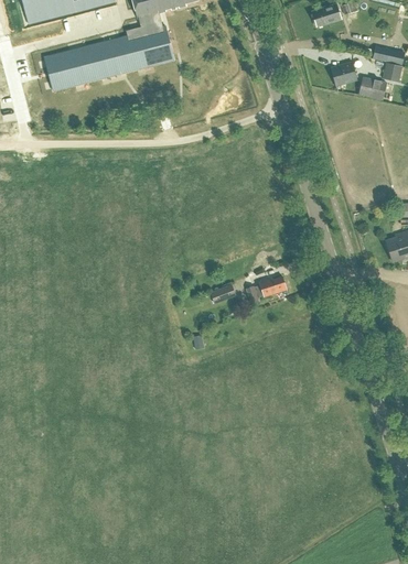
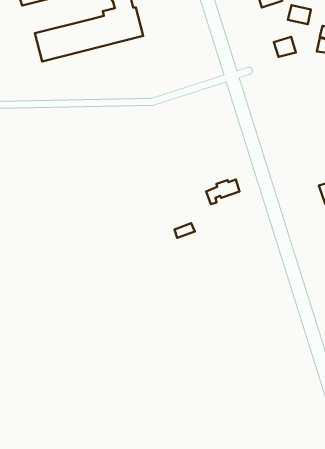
building: [358,76,386,99] -> [288,5,311,24]
building: [248,274,288,304] -> [206,179,239,204]

